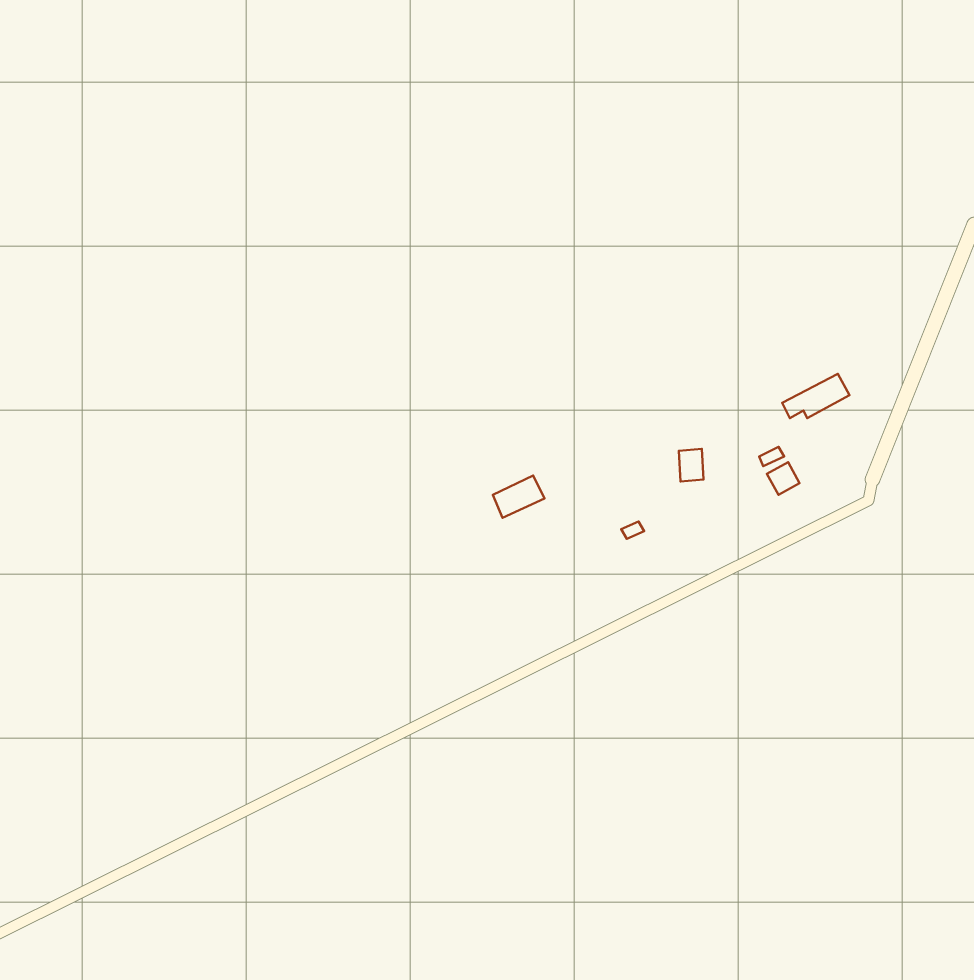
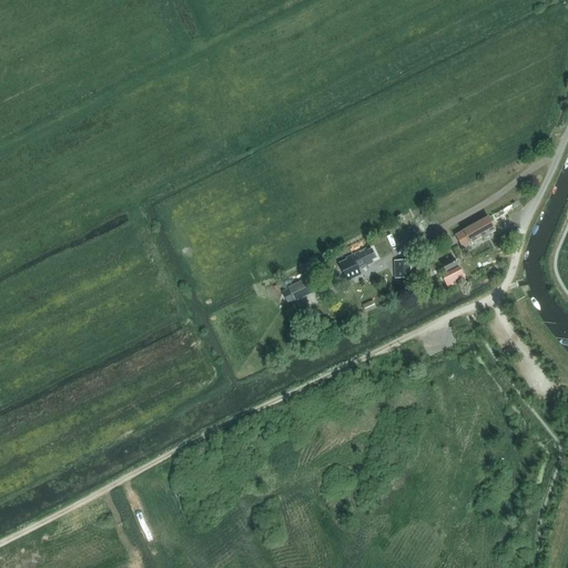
building: none -> [337,248,373,281]

